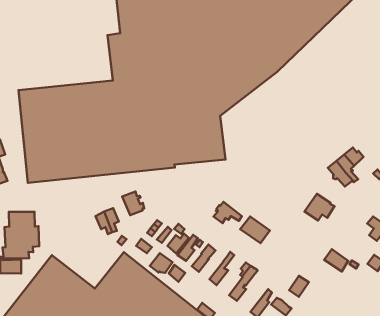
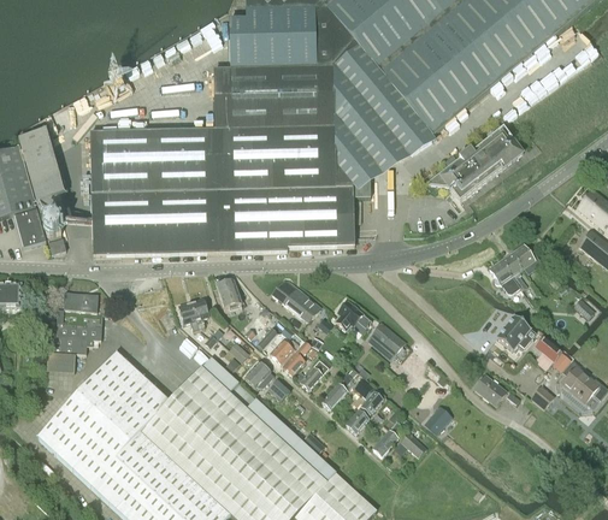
building: none -> [424,126,521,201]
building: none -> [271,278,319,321]
building: [305,194,334,220] -> [495,314,535,349]

